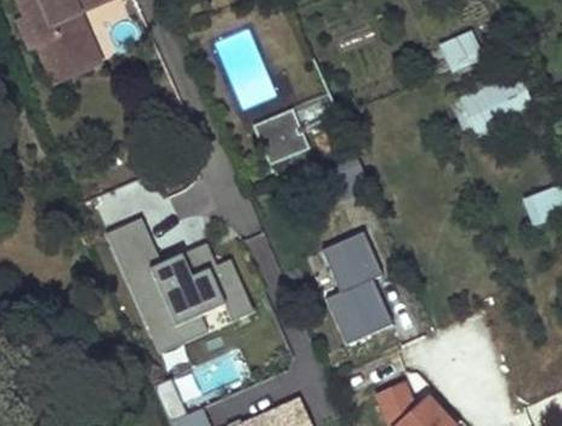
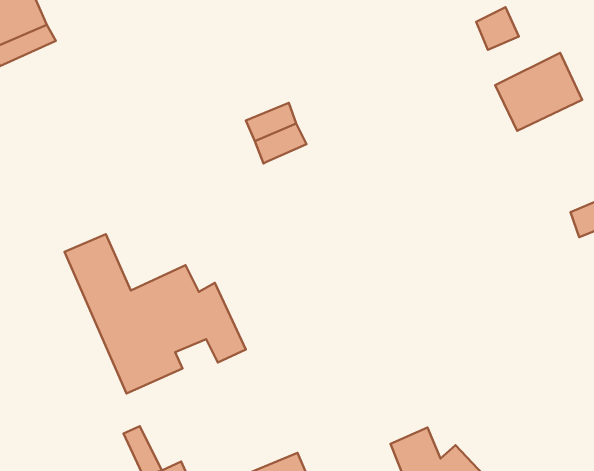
building: [322,231,393,342] -> none

